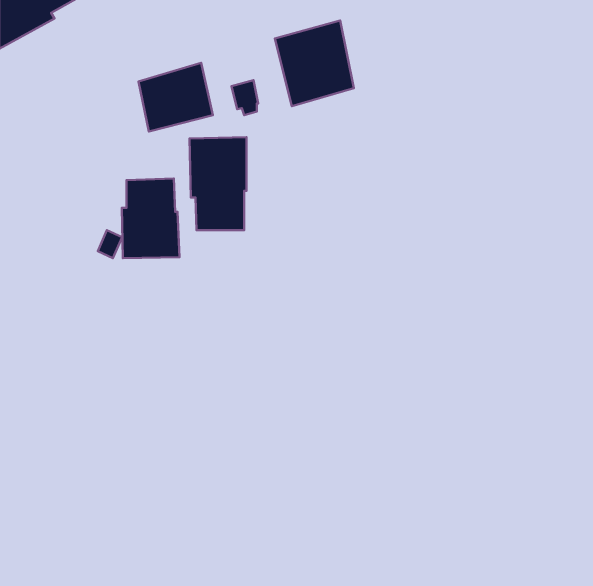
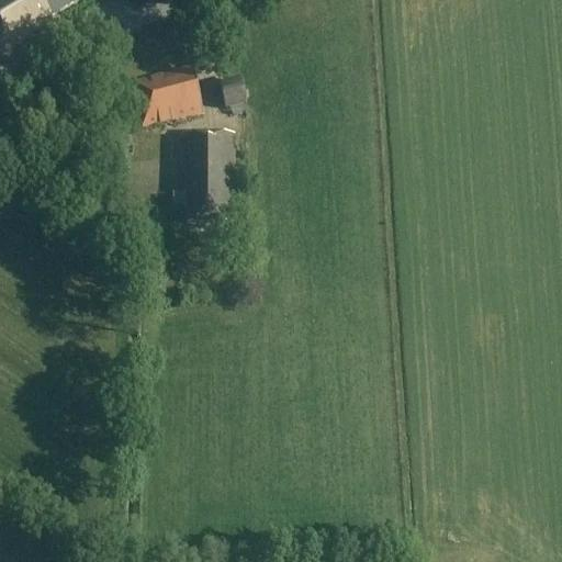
building: [275,20,354,106] -> none
building: [122,178,179,258] -> none

